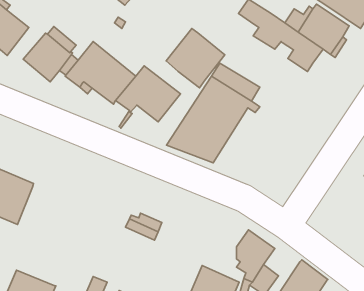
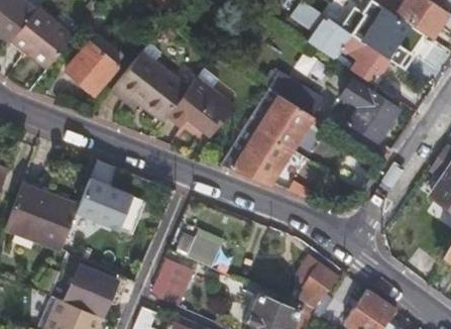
building: [166,29,225,88] -> none
building: none -> [338,76,400,143]
building: none -> [76,157,144,232]
building: none -> [150,254,193,305]
building: none -> [59,263,116,316]

